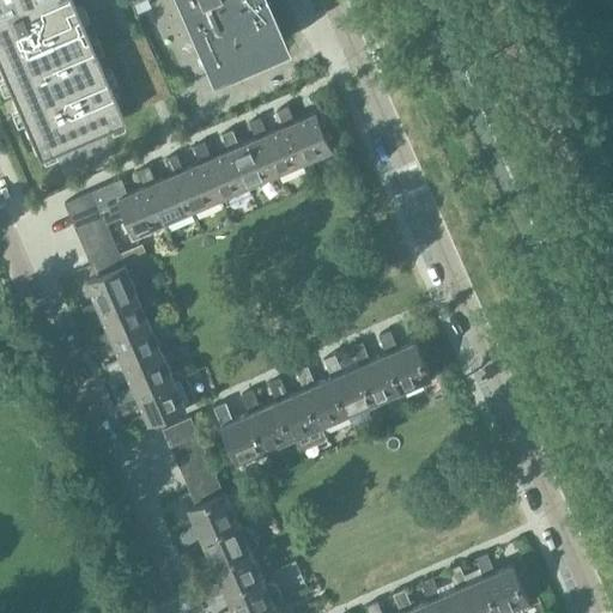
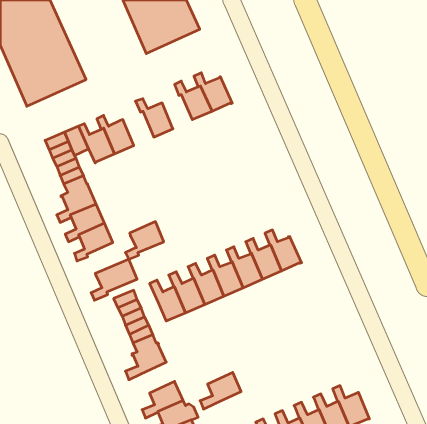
building: [221,133,275,189] -> none
building: [166,158,220,213] -> none
building: [119,352,174,406] -> [125,222,164,259]
building: [192,523,250,576] -> [200,372,241,409]

